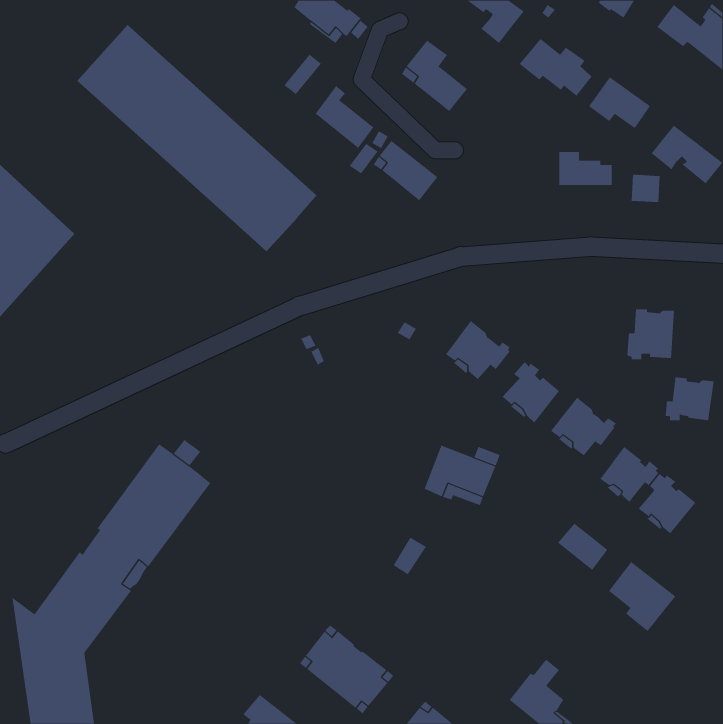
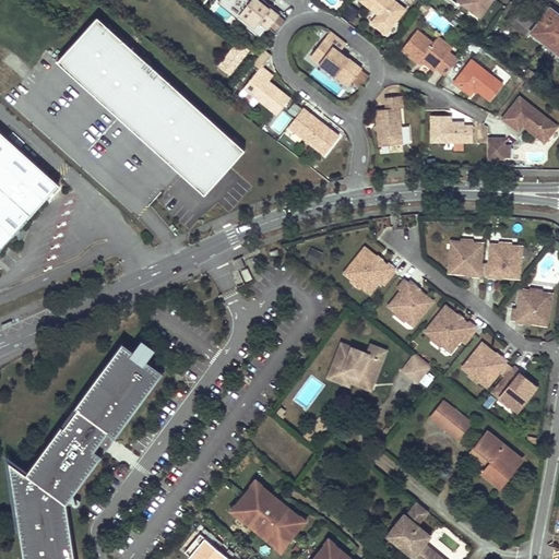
building: none -> [374,96,401,146]
building: none -> [447,235,484,276]
building: none -> [400,354,430,384]

